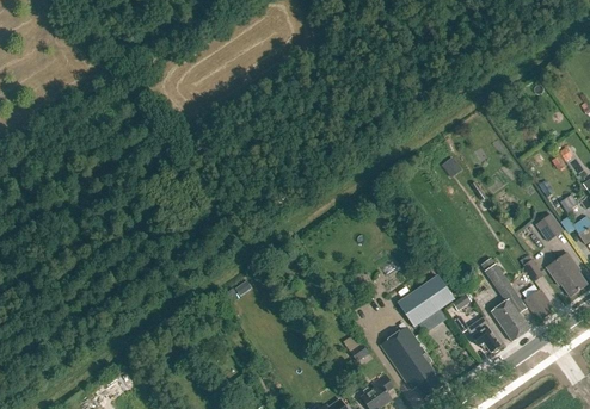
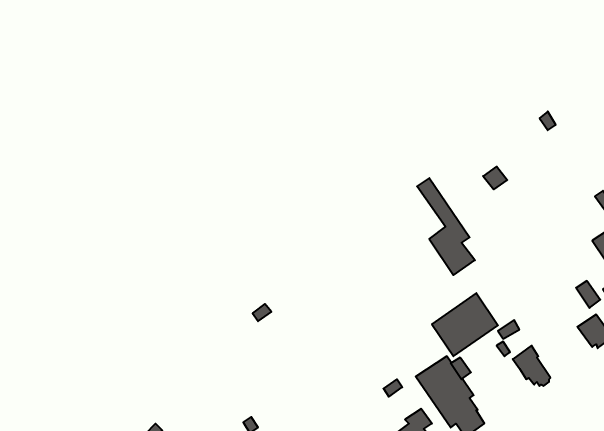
building: [479,255,530,341] -> [417,178,475,275]

